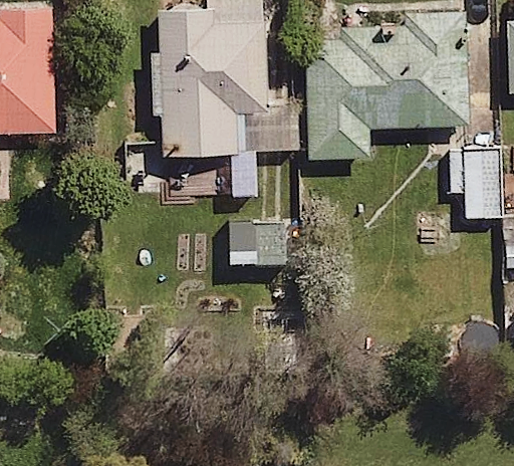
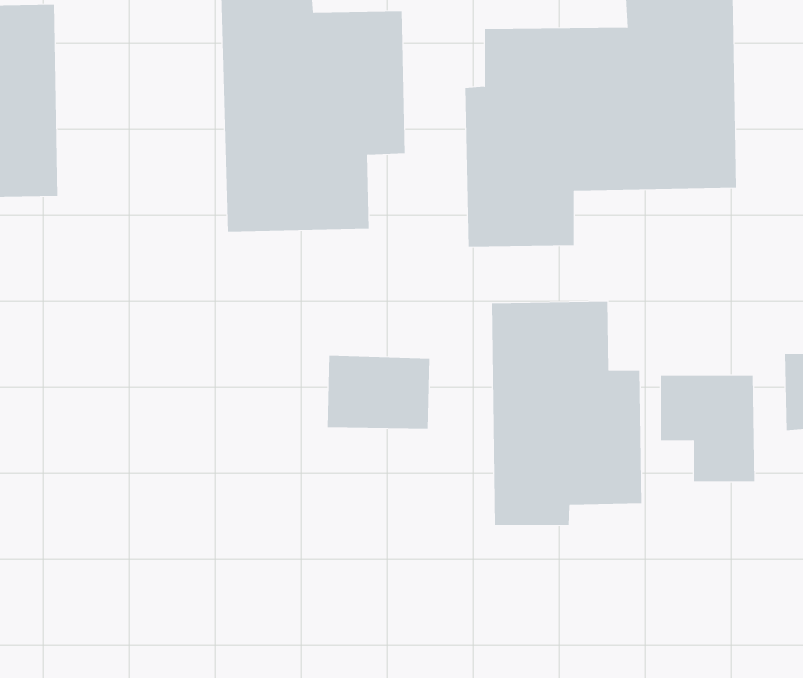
building: [444,154,502,219] -> [660,375,755,482]
building: none -> [491,301,642,526]

